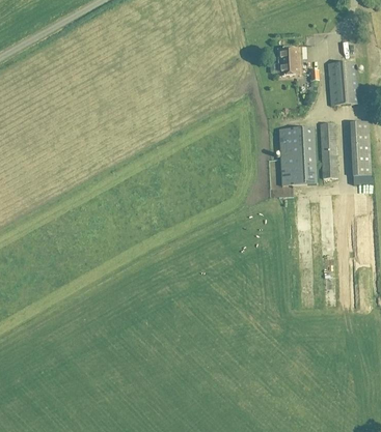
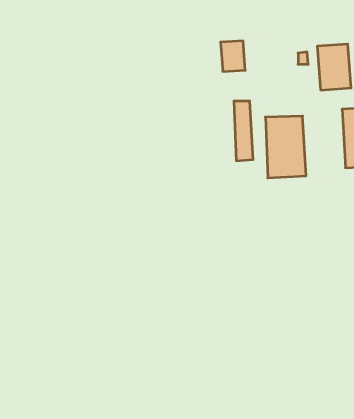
building: [278,48,301,76] -> [221,41,245,71]
building: [321,123,338,178] -> [234,101,253,161]

